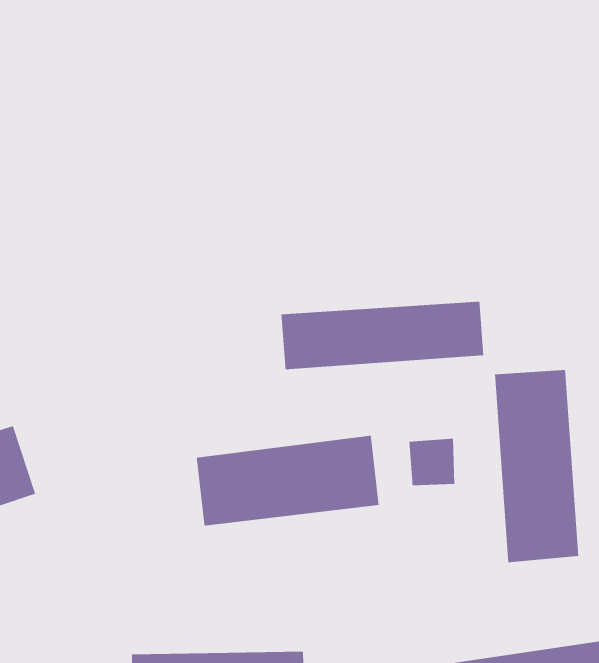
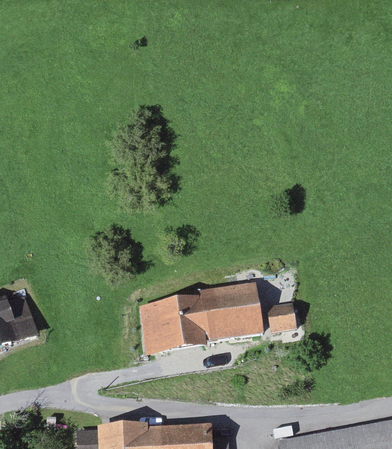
building: [280,301,484,370] -> none
building: [494,369,579,563] -> none

